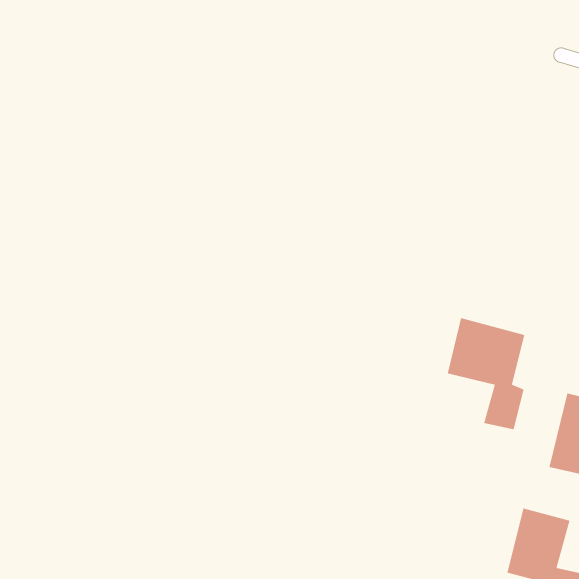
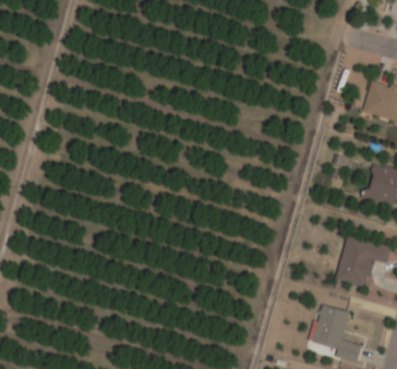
building: [447,317,525,430] -> none

